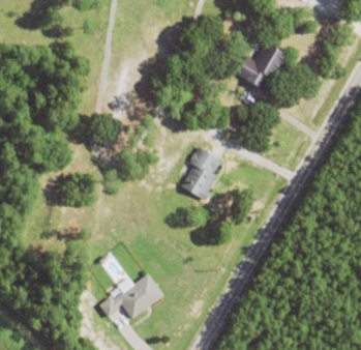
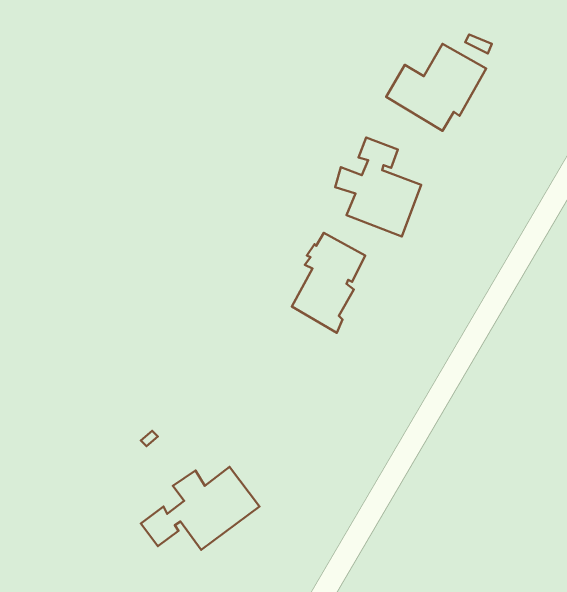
building: none -> [335,138,421,236]

